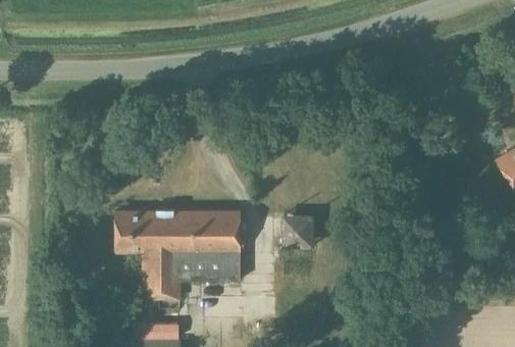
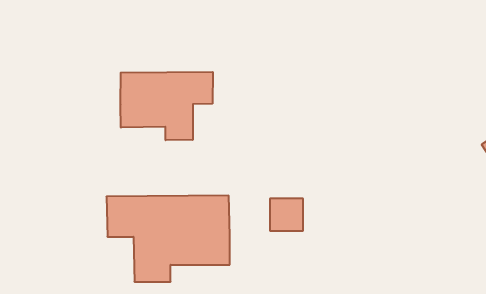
building: none -> [121,72,213,140]

